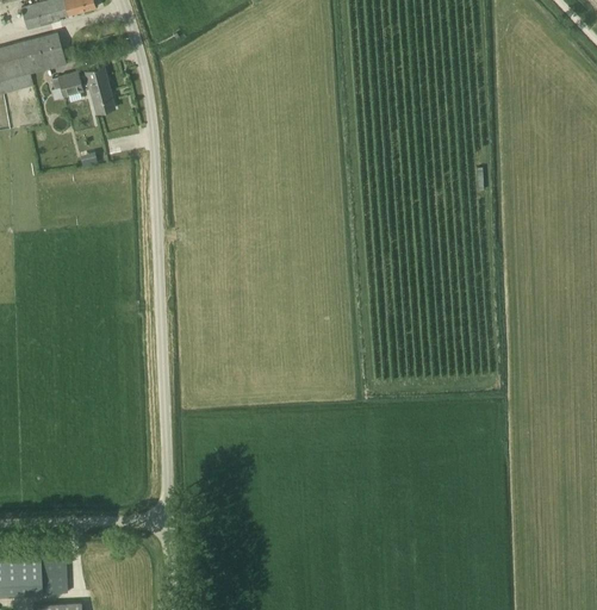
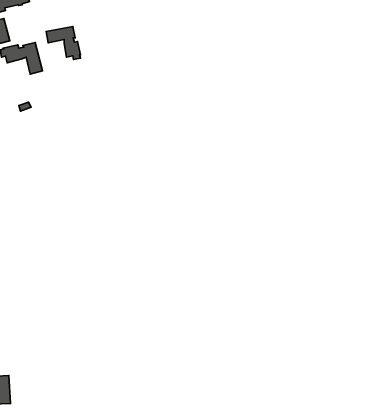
building: none -> [46,26,81,60]

